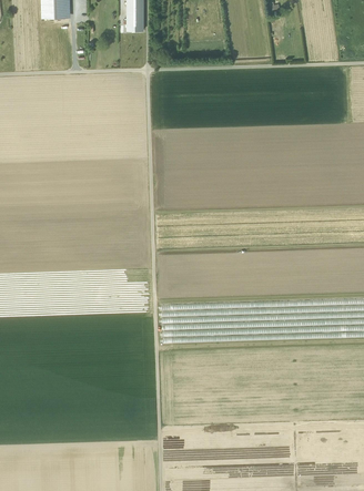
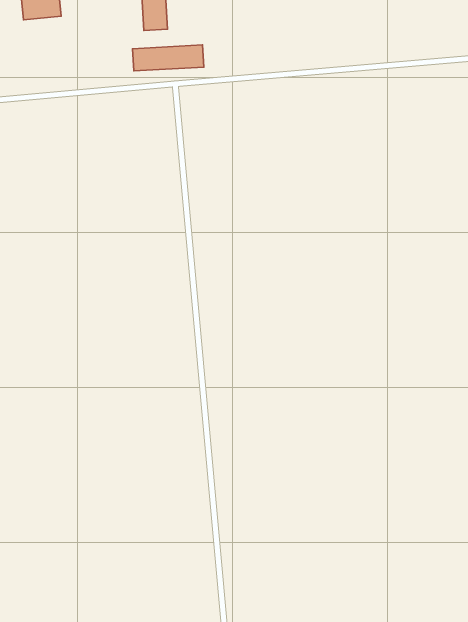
building: none -> [132,45,204,71]

